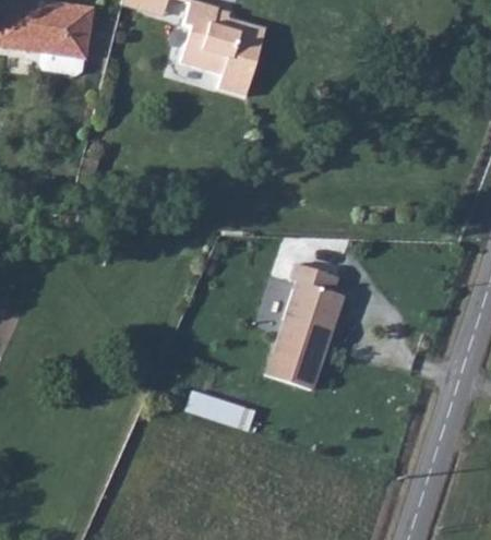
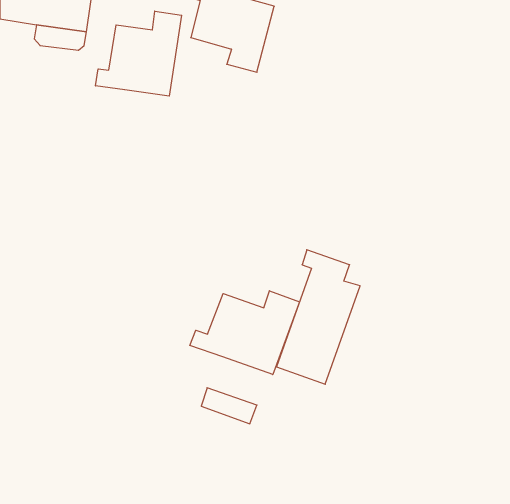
building: none -> [96,11,182,96]
building: none -> [190,291,300,375]

